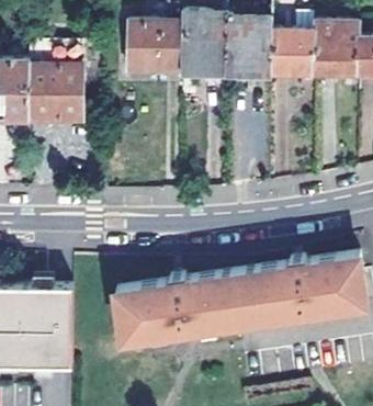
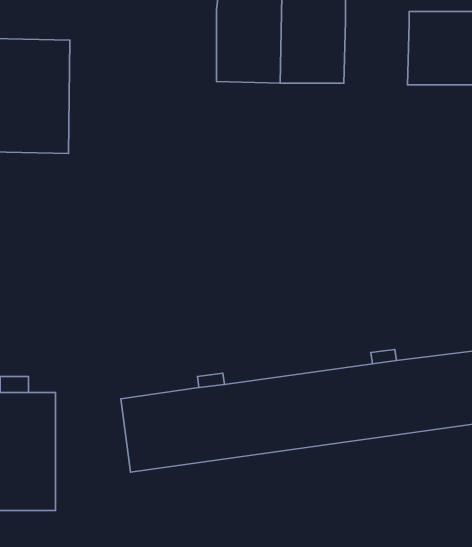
building: [127,22,182,71] -> none
building: [270,30,315,74] -> none

